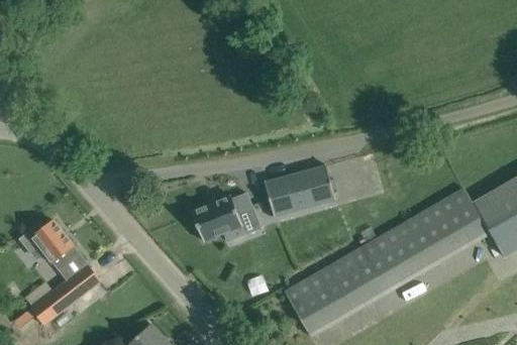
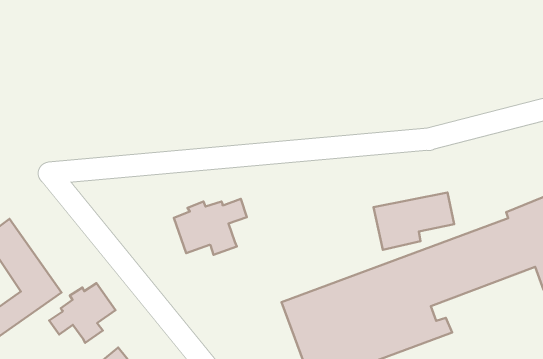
building: [264,165,332,217] -> [374,192,454,250]
building: none -> [49,283,115,343]

